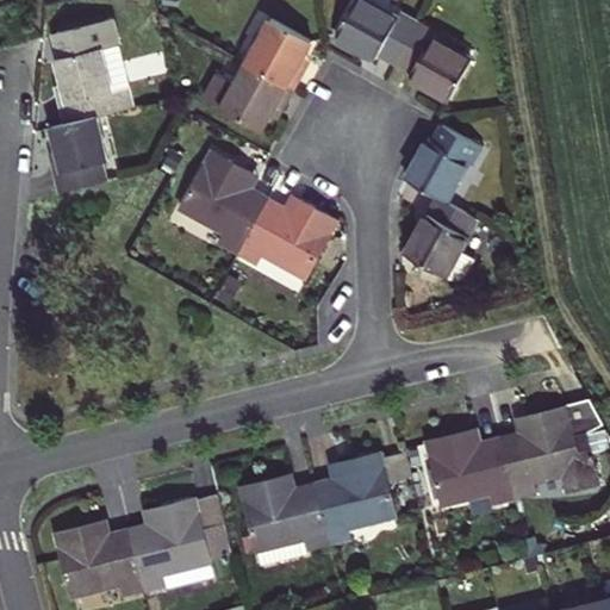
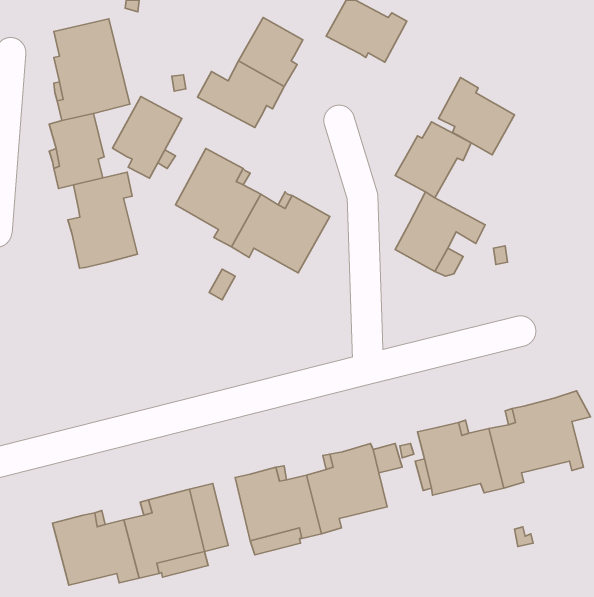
building: [392,23,469,101] -> [438,77,514,155]
building: none -> [113,97,182,178]
building: none -> [68,172,138,268]

